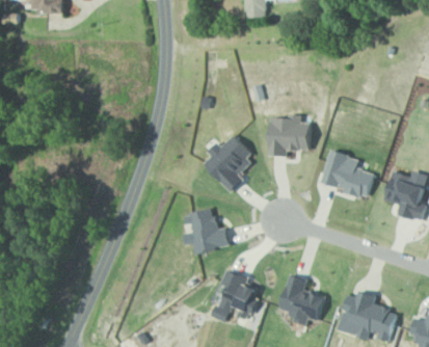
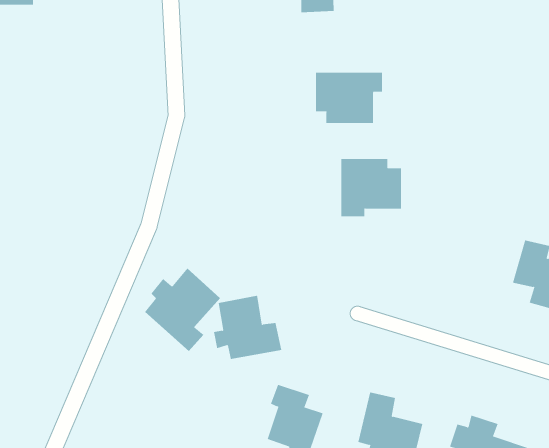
building: none -> [315,72,382,124]
building: [203,134,254,191] -> [144,267,221,352]
building: [321,151,374,197] -> none

